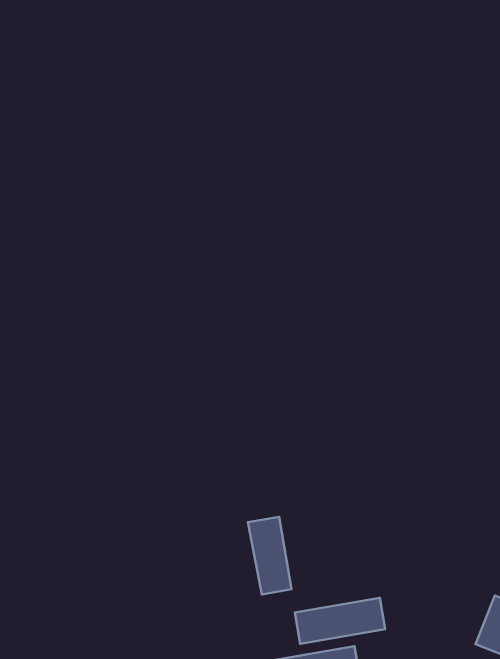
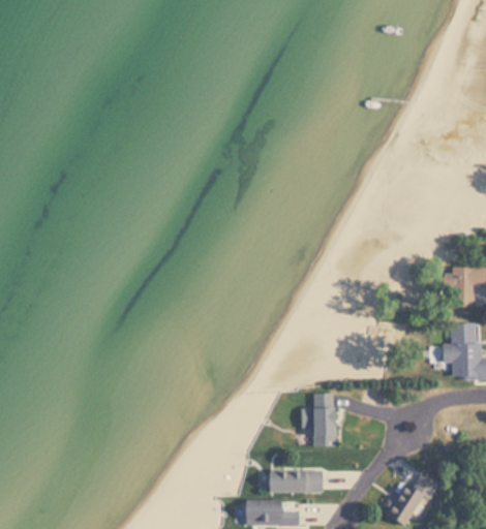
building: [248,517,292,594] -> [312,394,335,446]

